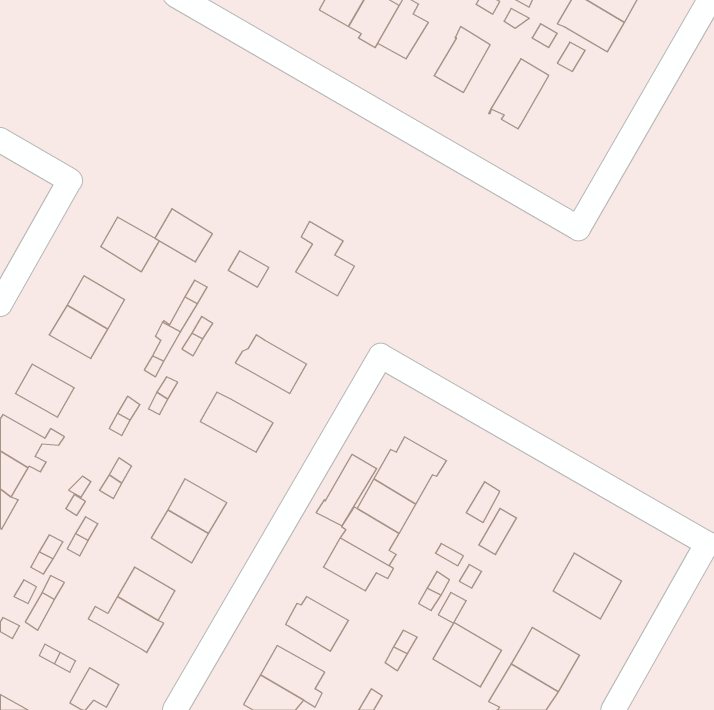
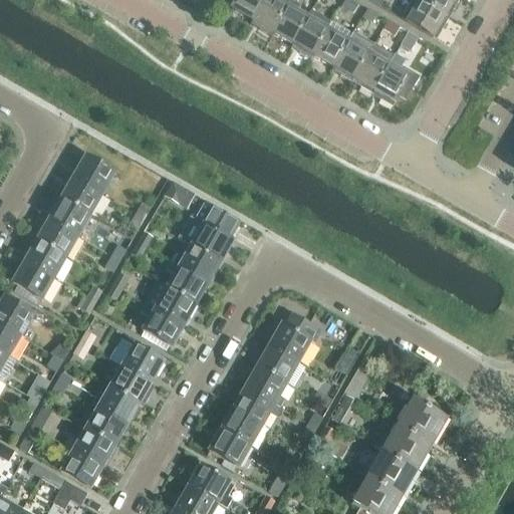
building: none -> [292,16,328,54]
building: none -> [333,30,374,81]
building: none -> [372,52,420,104]
building: [155,209,212,262] -> [61,177,102,215]
building: [296,221,354,296] -> [191,208,233,261]
building: none -> [24,240,66,278]
building: none -> [166,260,209,303]
building: none -> [141,302,185,346]
building: [316,454,377,526] -> none
building: none -> [97,386,139,424]
building: none -> [221,407,263,445]
building: none -> [59,444,103,487]
building: [433,623,502,687] -> [382,424,432,470]

